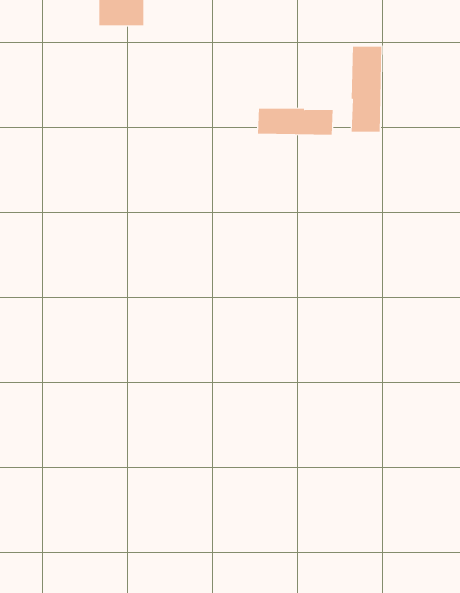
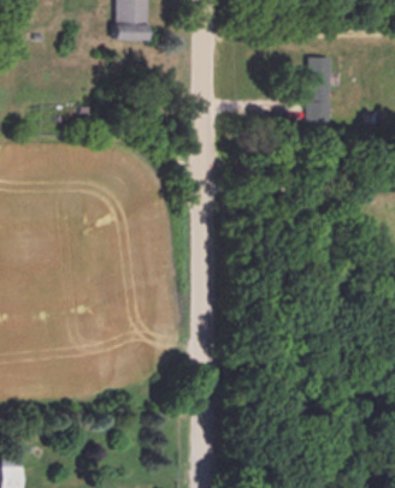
building: [258,108,333,136] -> none

